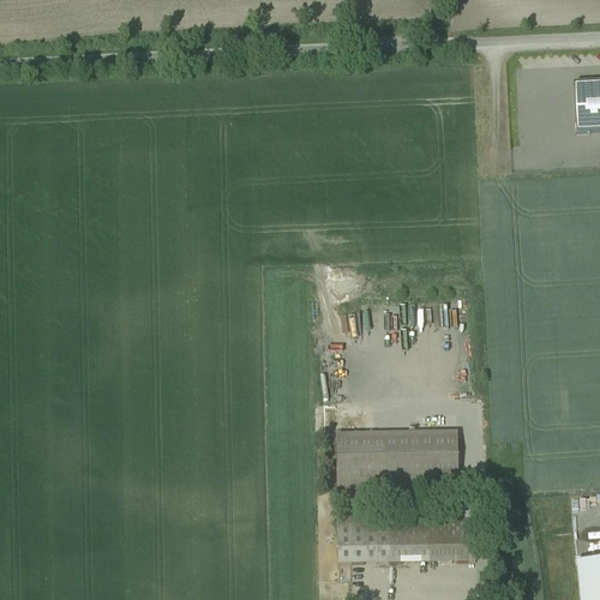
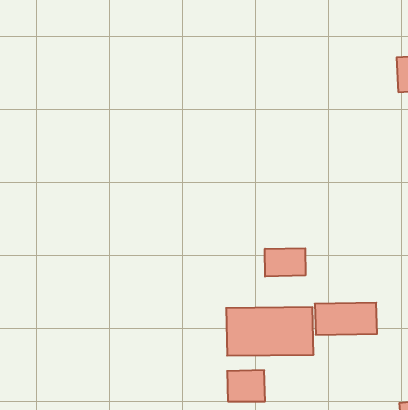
building: none -> [265,248,305,277]
building: [390,514,476,558] -> [315,303,377,335]

